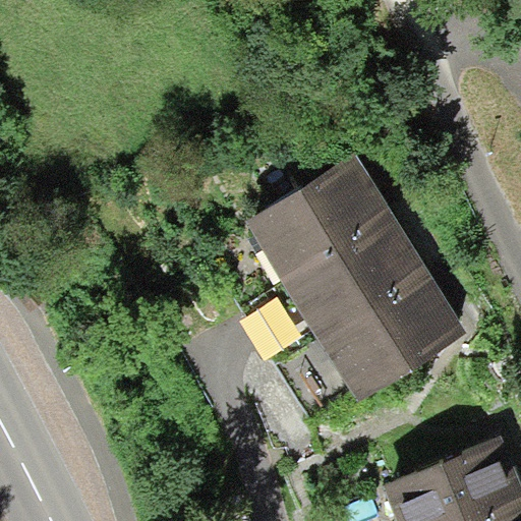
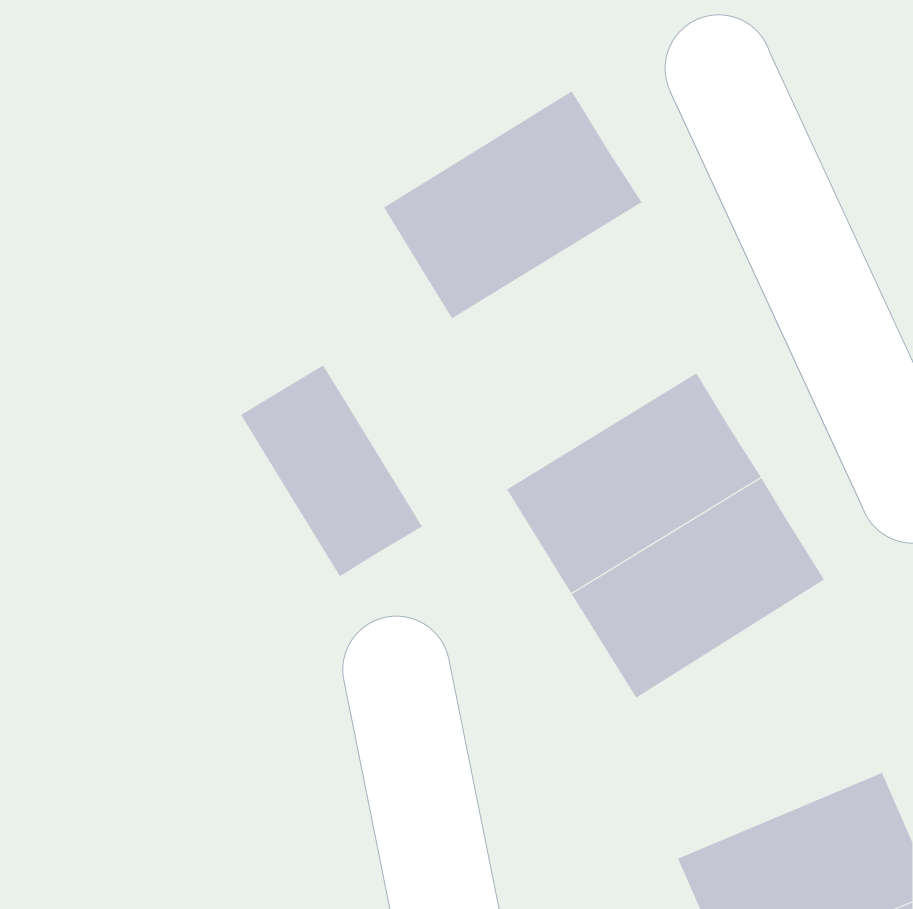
building: [247,154,394,283] -> [383,90,642,319]
building: none -> [240,364,423,577]

